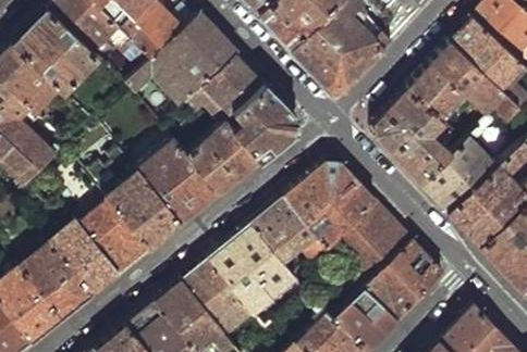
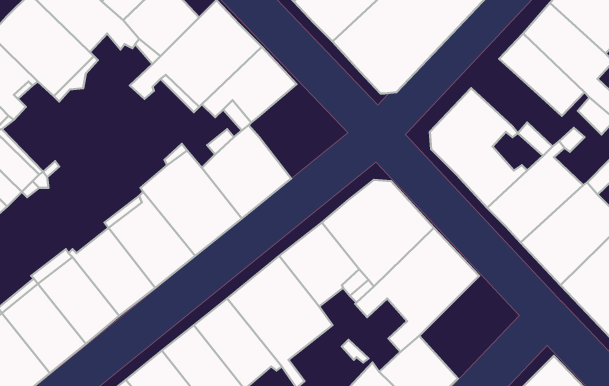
building: [406,63,464,118] -> none
building: [232,84,295,161] -> none
building: [364,240,443,324] -> none

